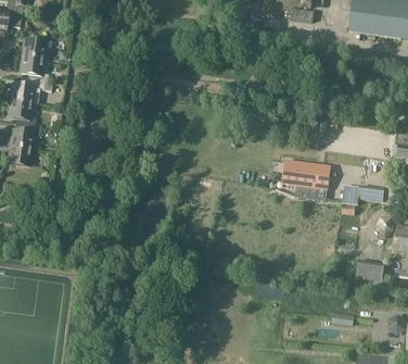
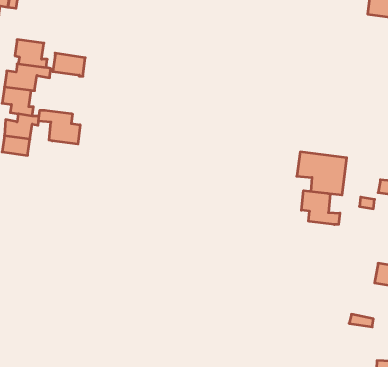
building: [21,37,51,59] -> [53,53,85,76]
building: none -> [39,110,80,144]
building: none -> [301,191,340,225]

